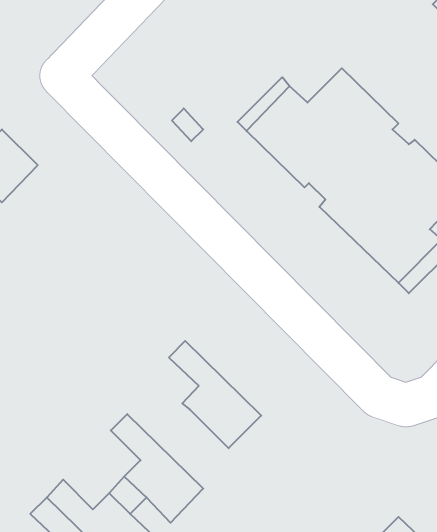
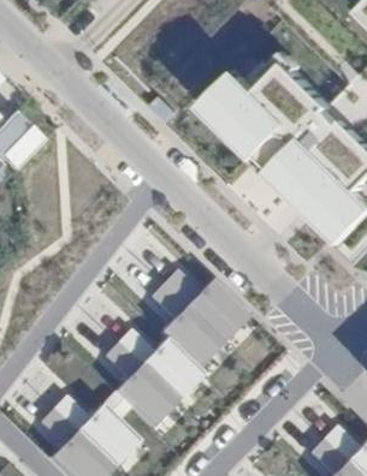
building: none -> [158,267,245,341]
building: none -> [111,327,199,400]

